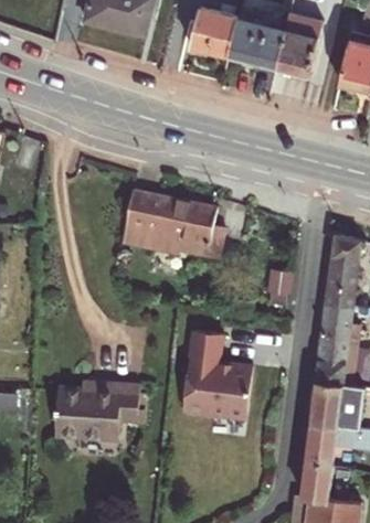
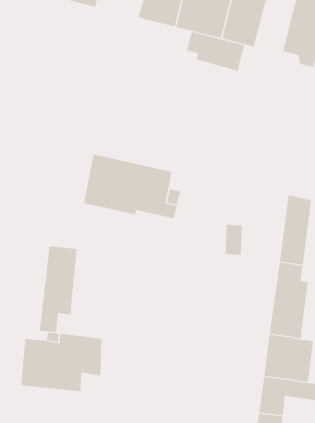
building: none -> [186,31,245,72]
building: none -> [39,246,77,333]
building: [187,332,256,420] -> none

